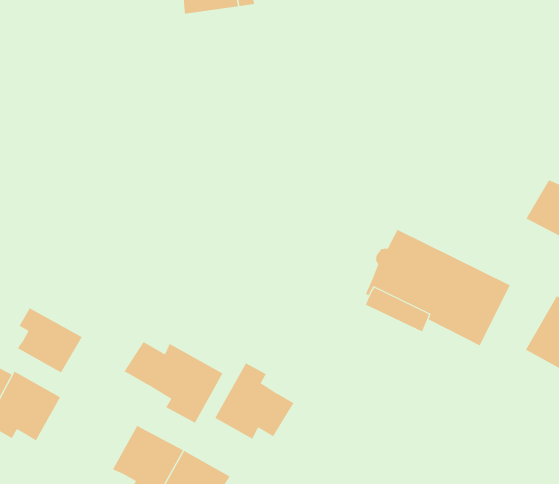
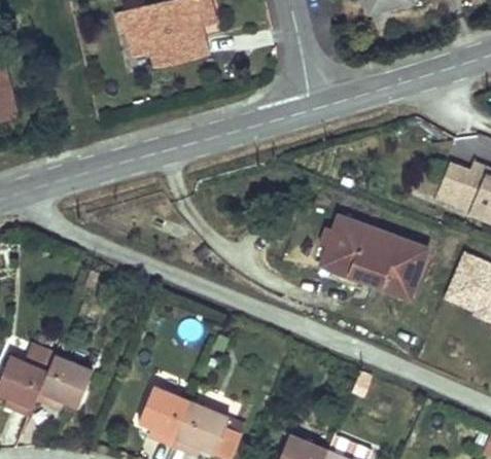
building: [17,307,83,373] -> none
building: [124,341,223,423] -> none
building: [215,363,294,439] -> none

